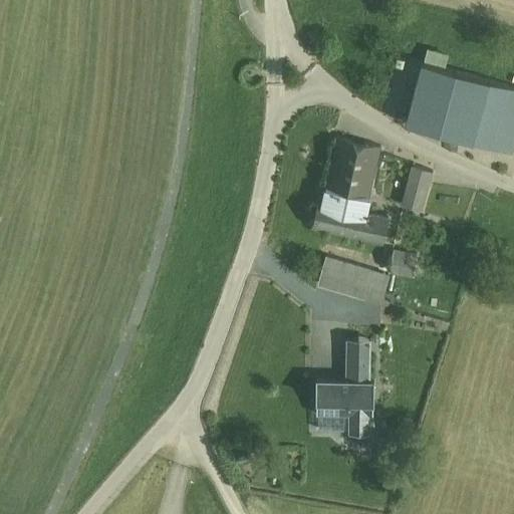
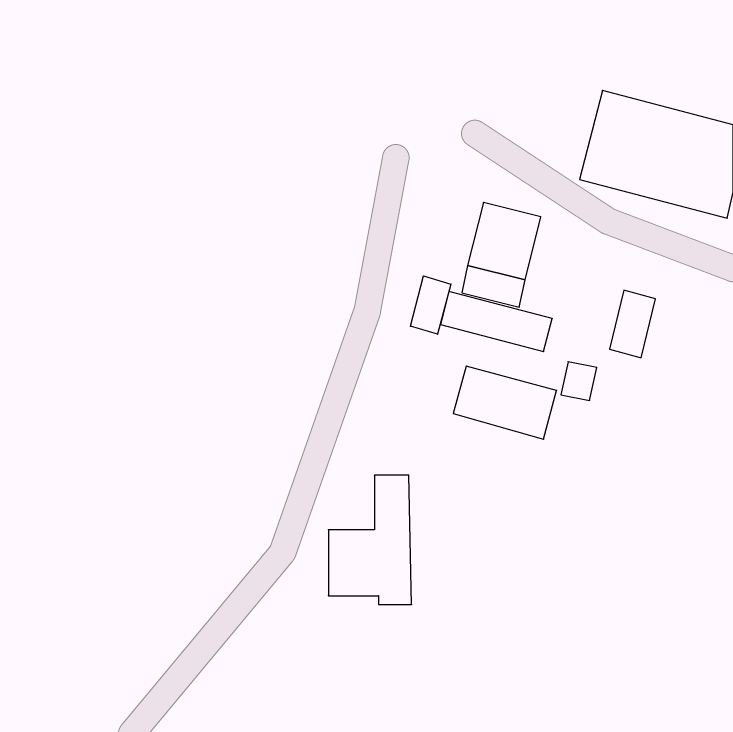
building: [399,169,431,216] -> [610,290,655,358]
building: none -> [410,276,451,334]
building: [314,344,372,435] -> [328,475,412,604]

